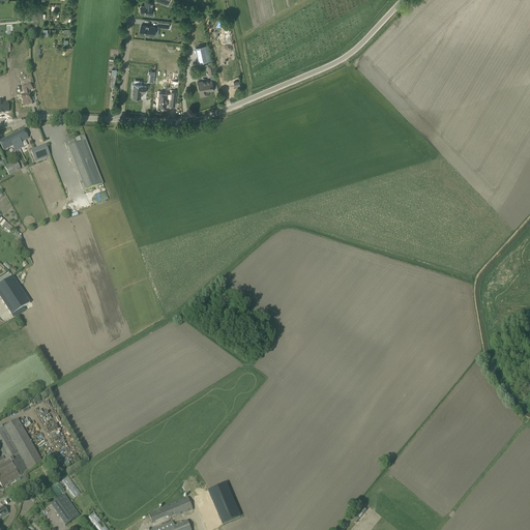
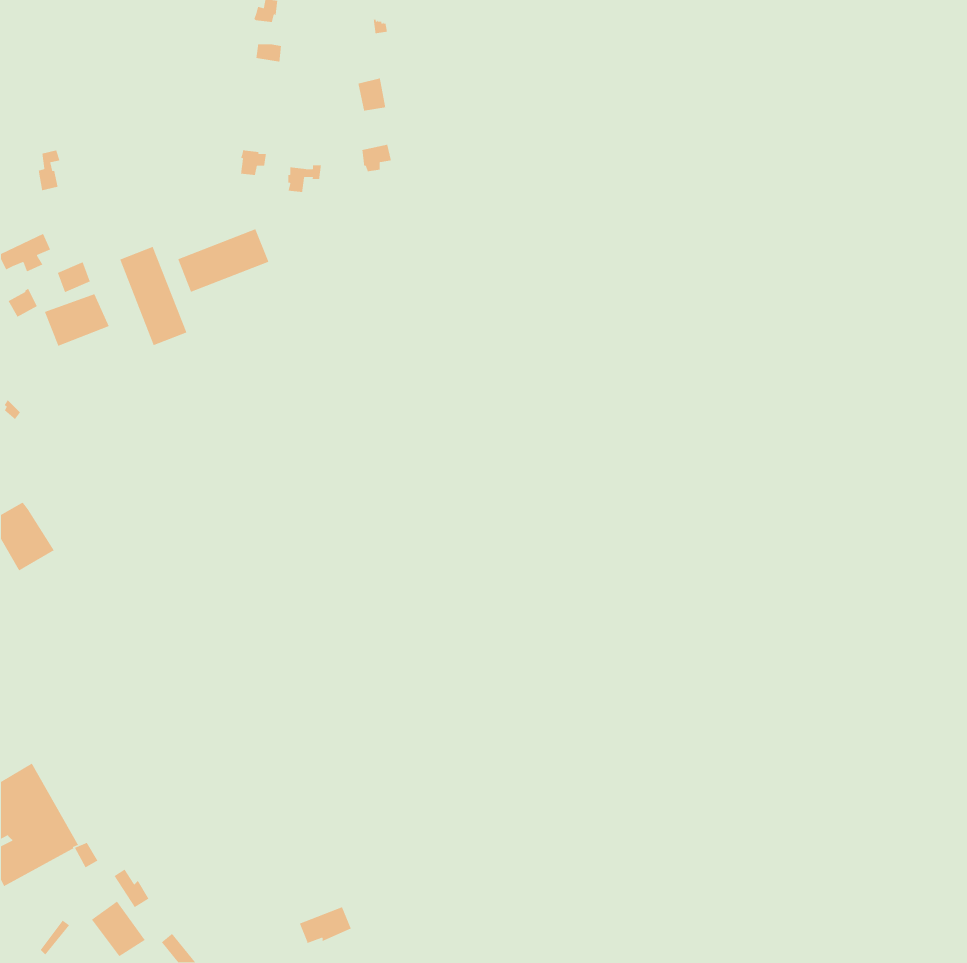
building: none -> [177,228,269,293]
building: none -> [44,293,110,347]
building: [207,481,240,523] -> none

